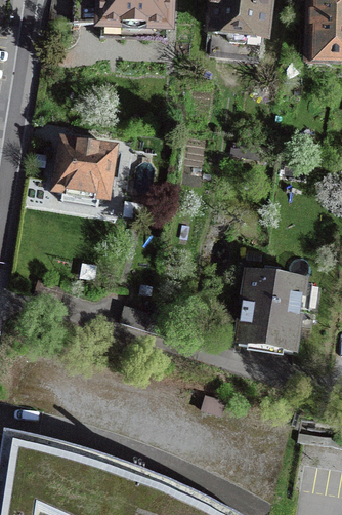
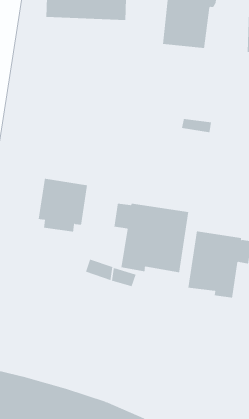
building: [55,141,114,204] -> [38,178,88,232]
building: none -> [114,203,189,273]

